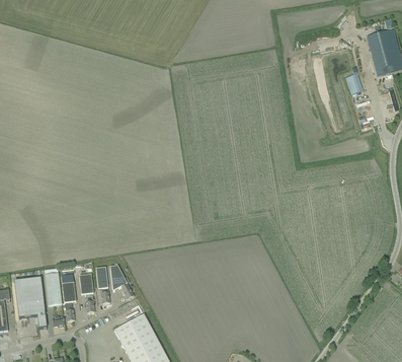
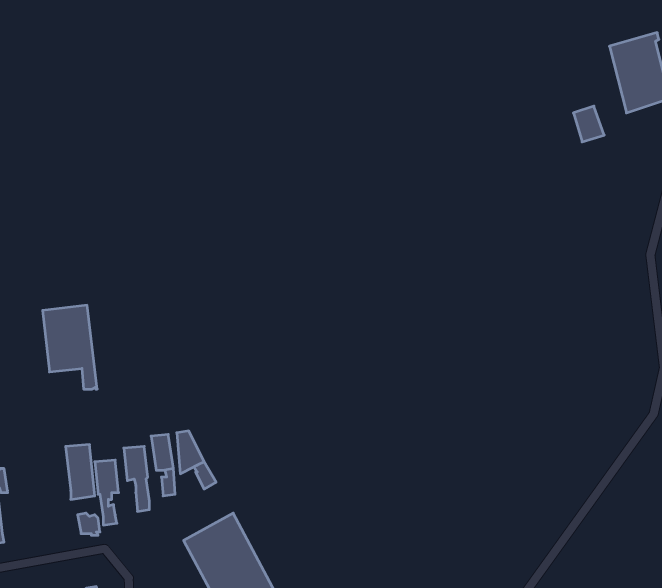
building: [14,278,47,328] -> [43,305,97,389]

